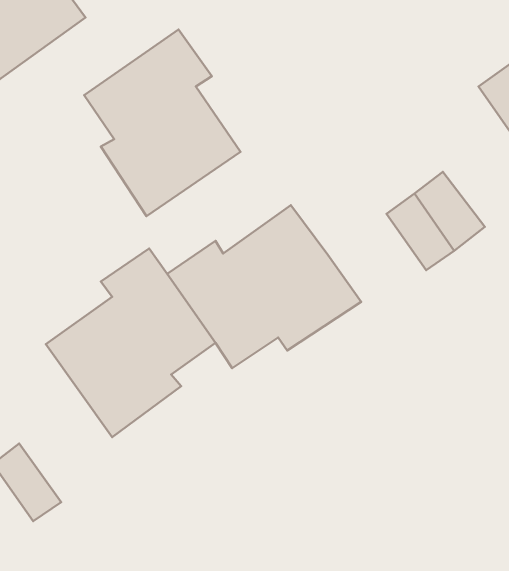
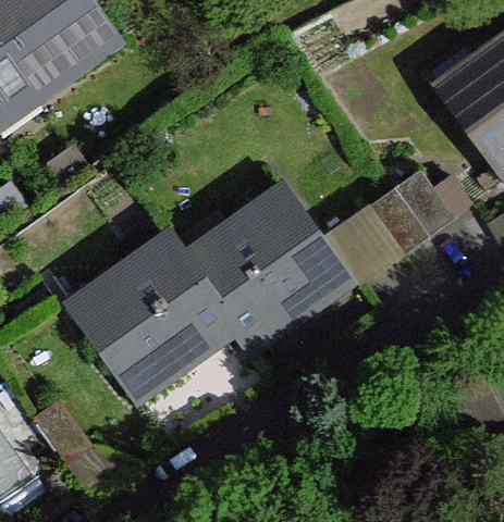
building: [84,30,241,216] -> none
building: none -> [322,207,406,290]

